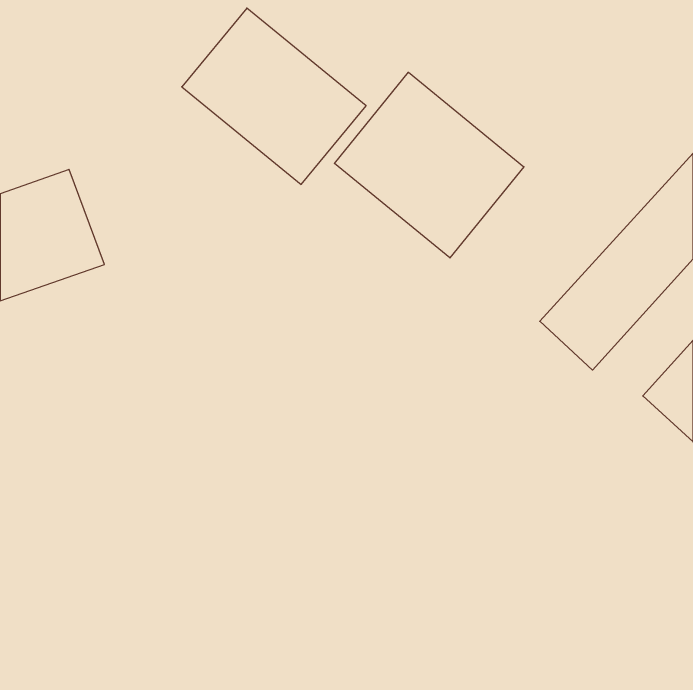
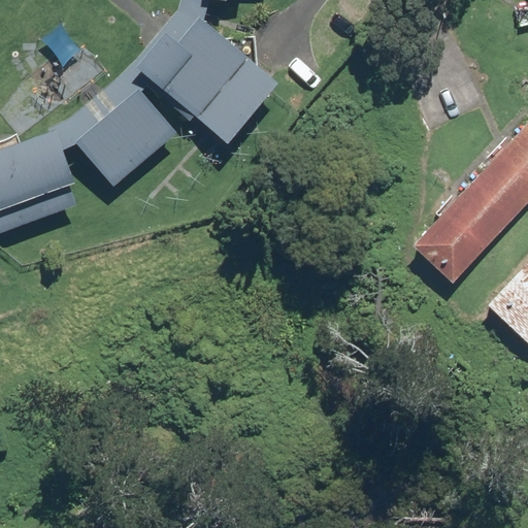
building: [334,72,524,258] -> none
building: none -> [75,89,176,186]

